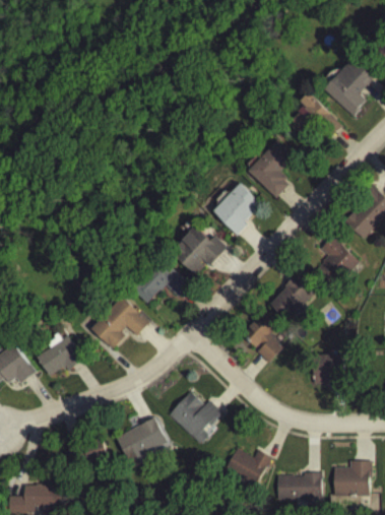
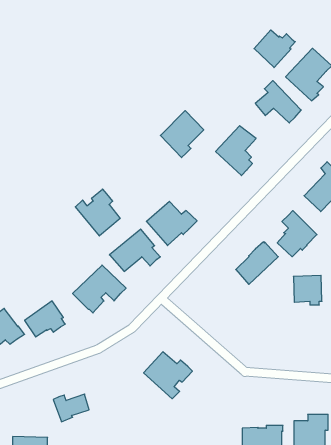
building: none -> [254,30,295,68]
building: [213,183,261,235] -> [160,111,204,158]
building: none -> [75,189,120,236]
building: [249,318,283,363] -> none
building: [313,353,344,386] -> [293,275,322,305]
building: [117,416,168,467] -> none
building: [224,448,272,487] -> none

